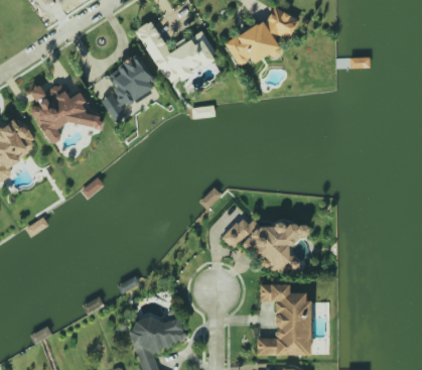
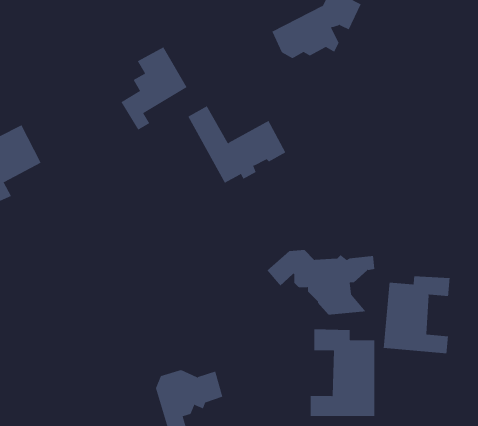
building: [136,20,217,84] -> [187,105,286,183]
building: [28,84,103,145] -> none
building: none -> [383,275,450,354]

